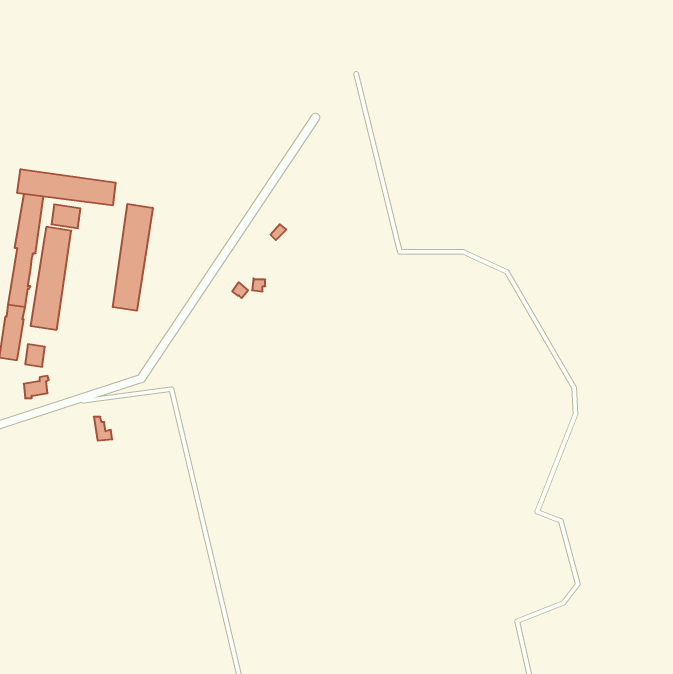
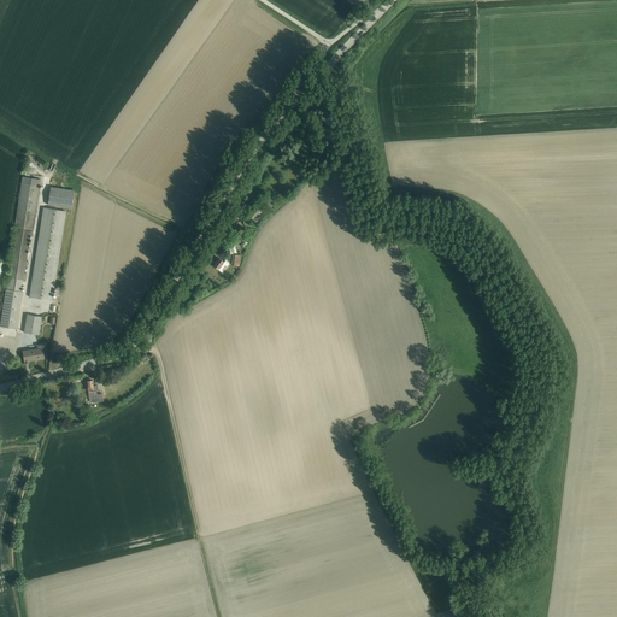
building: [17,169,116,205] -> none
building: [113,204,153,311] -> none

